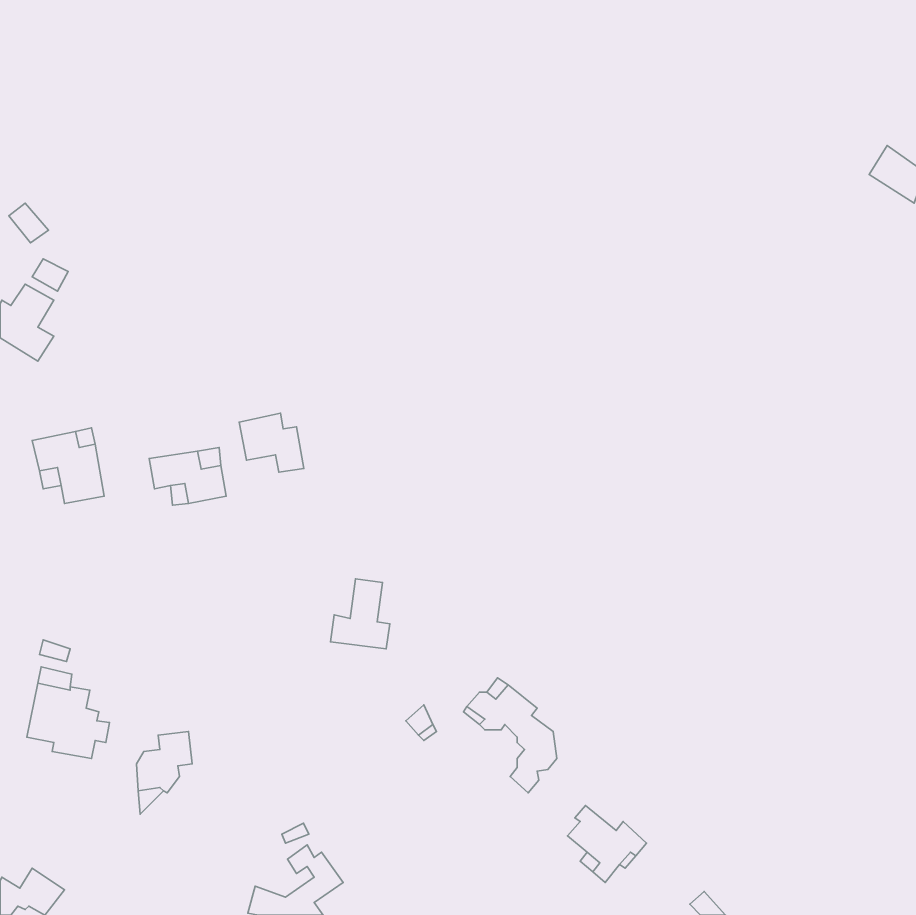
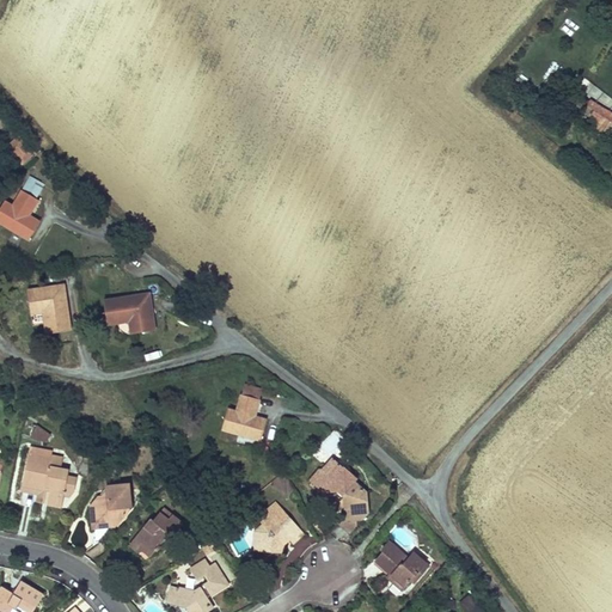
building: [239,413,304,472] -> none
building: none -> [252,502,301,549]
building: none -> [126,510,183,565]

